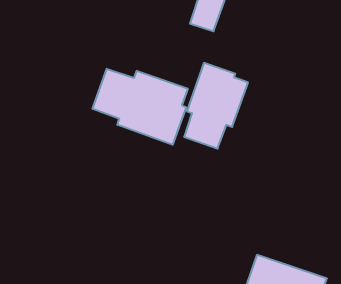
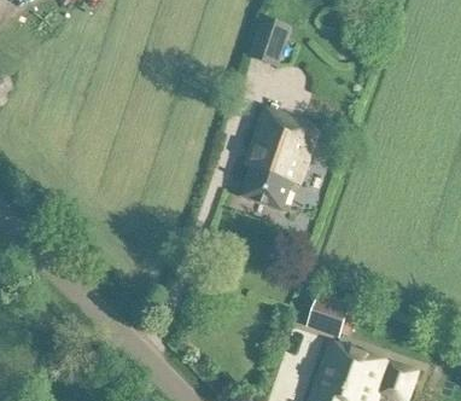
building: [93,69,188,145] -> none
building: none -> [307,292,358,337]

